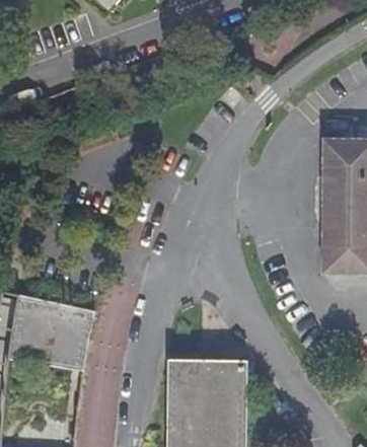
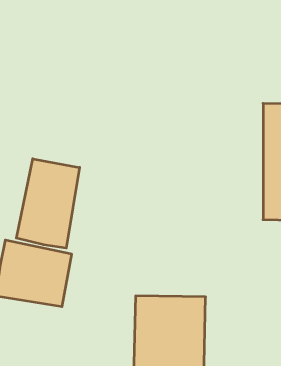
building: none -> [16,159,80,248]

